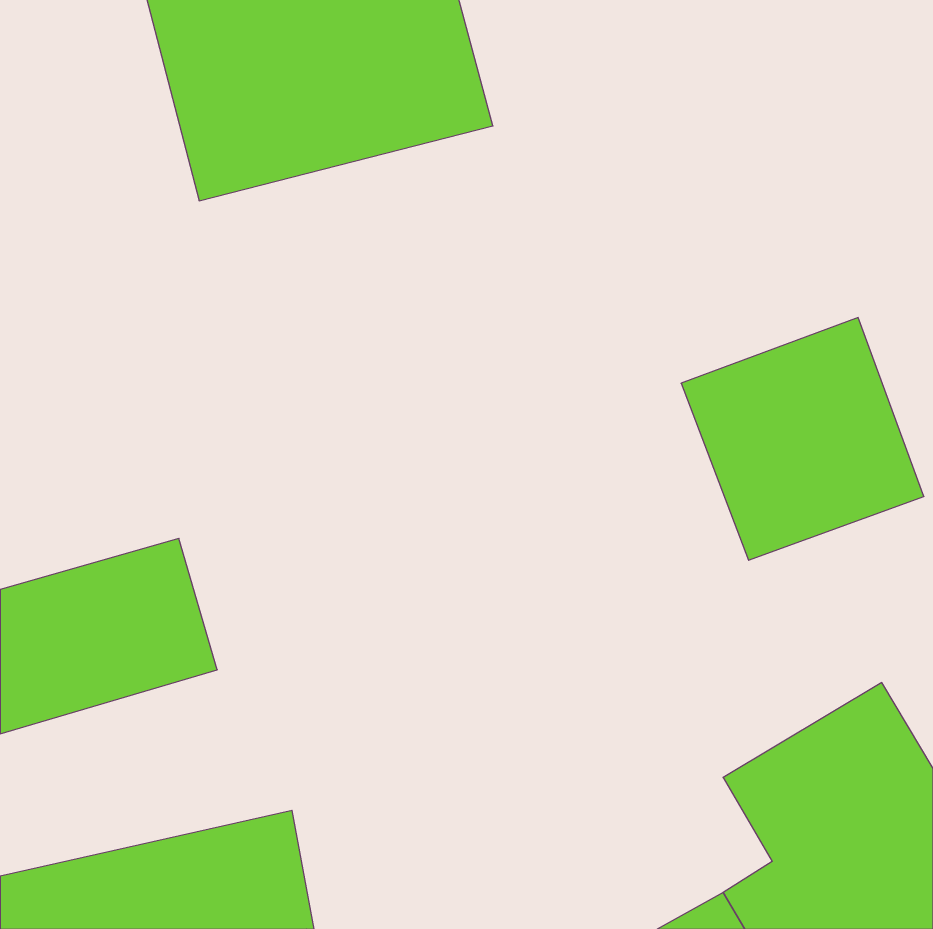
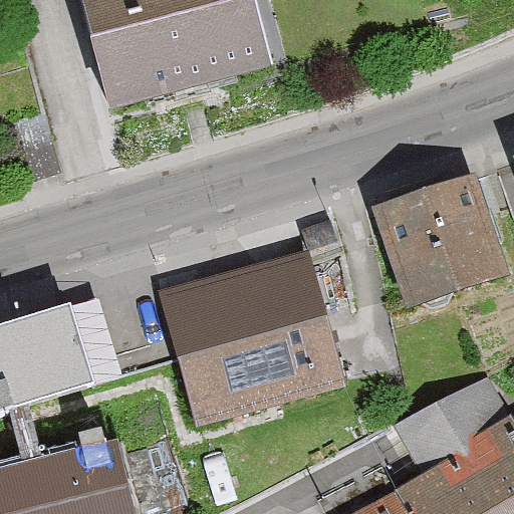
building: none -> [159,253,343,426]

